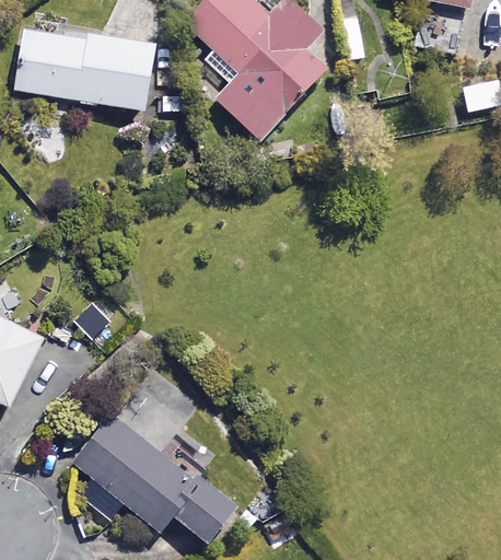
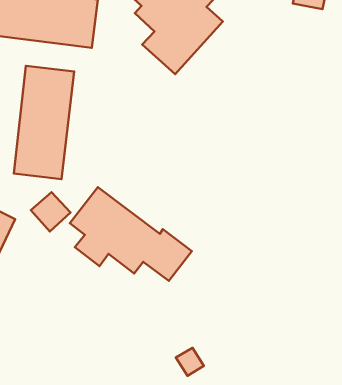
building: none -> [14,66,74,179]
building: [75,413,237,538] -> [70,187,192,281]

